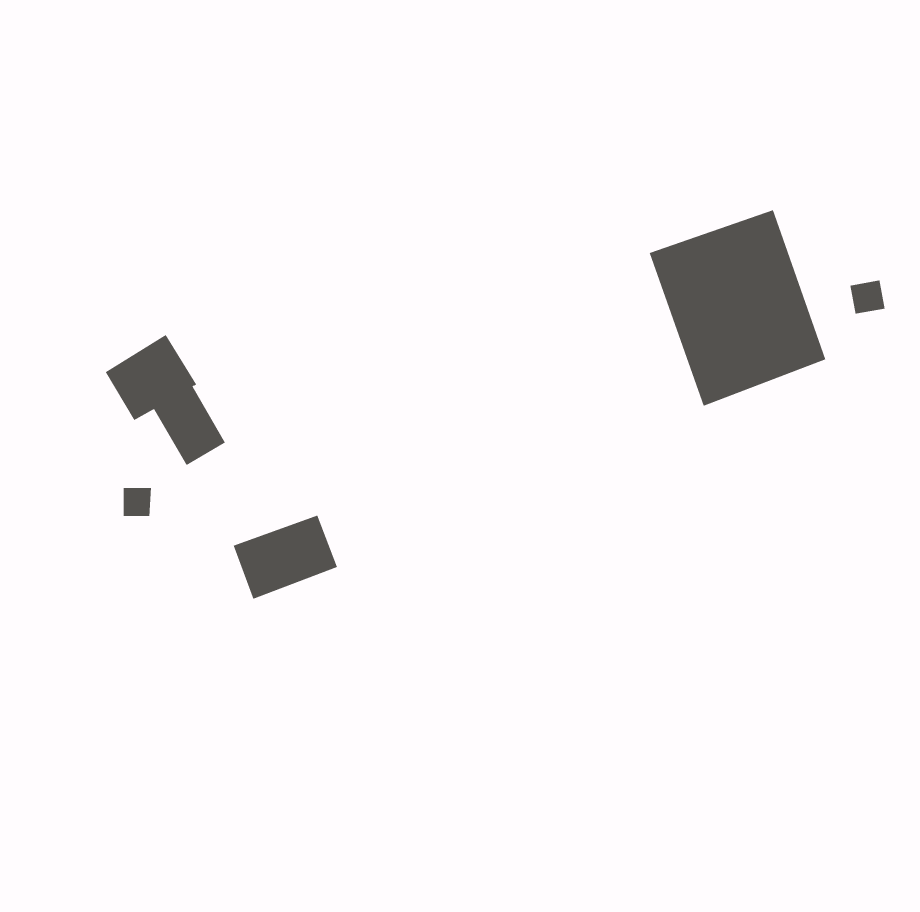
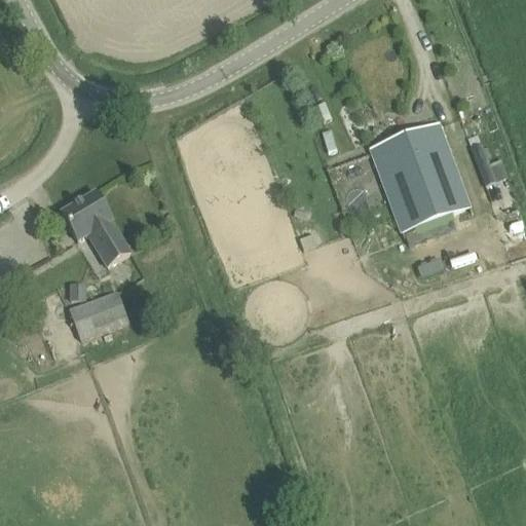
building: [233,515,338,600] -> [68,291,127,339]

